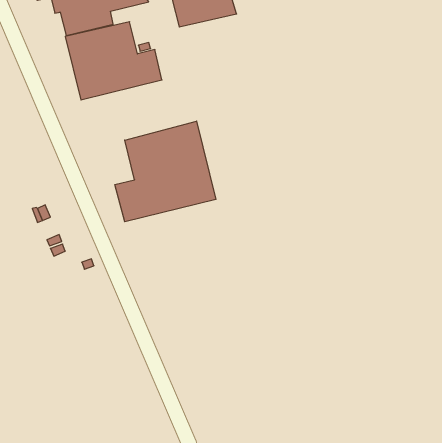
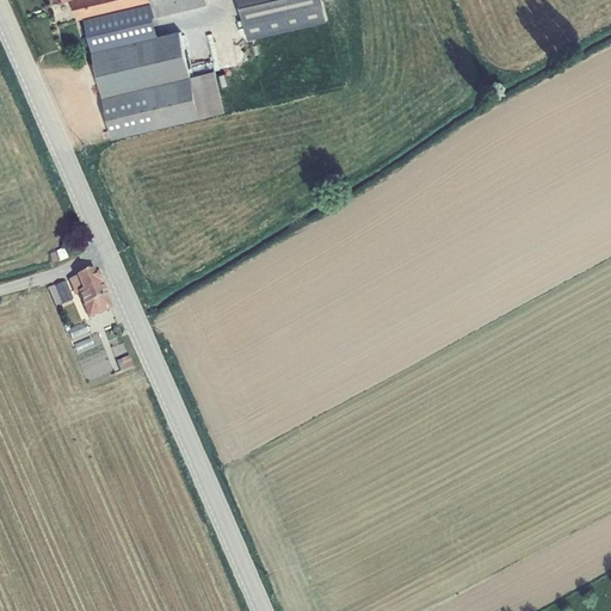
building: [115,121,216,222] -> none
building: none -> [66,269,107,317]

